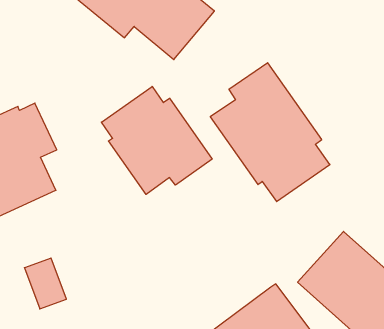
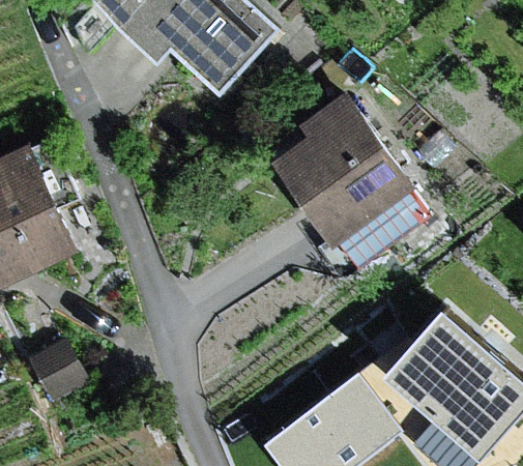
building: [101,86,212,194] -> none

